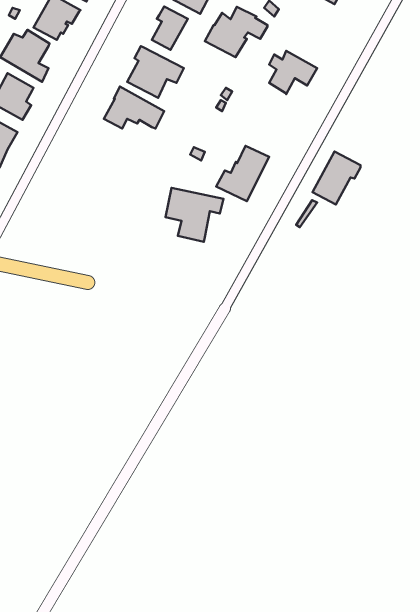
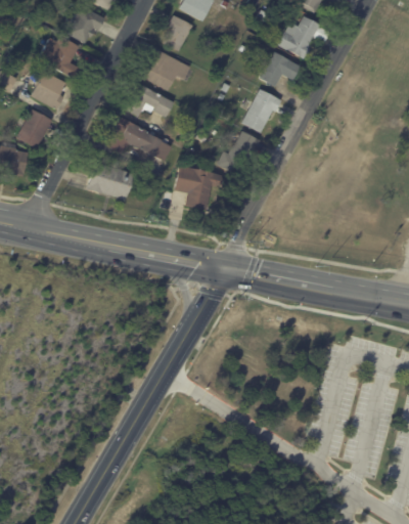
building: [205,7,268,57] -> [278,16,330,58]
building: none -> [106,117,173,162]
building: [312,152,361,205] -> [241,89,281,133]
building: none -> [87,159,133,202]

